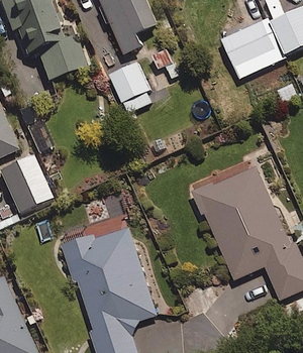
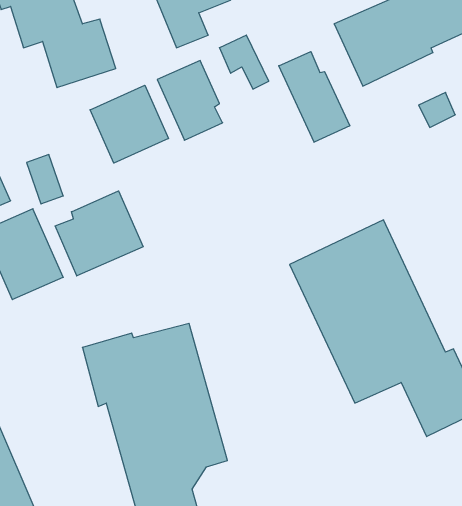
building: none -> [279,52,350,142]
building: none -> [90,85,168,163]
building: none -> [55,191,143,276]

